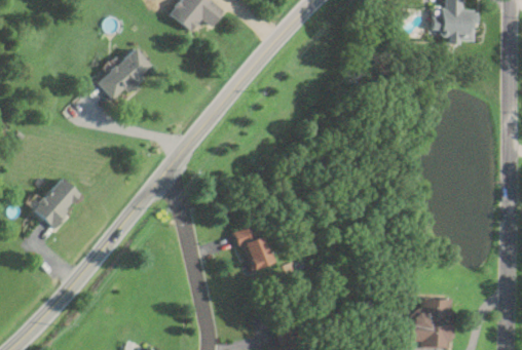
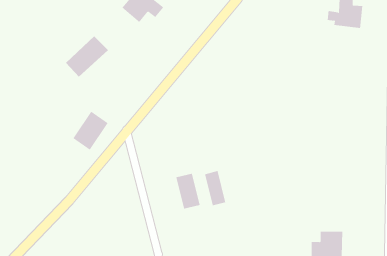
building: [33,178,79,228] -> [72,111,109,150]
building: none -> [204,170,226,206]

